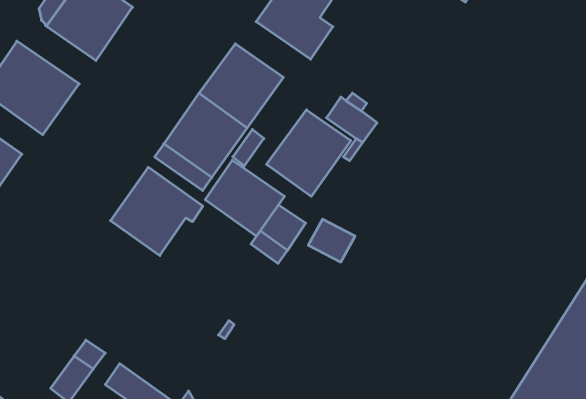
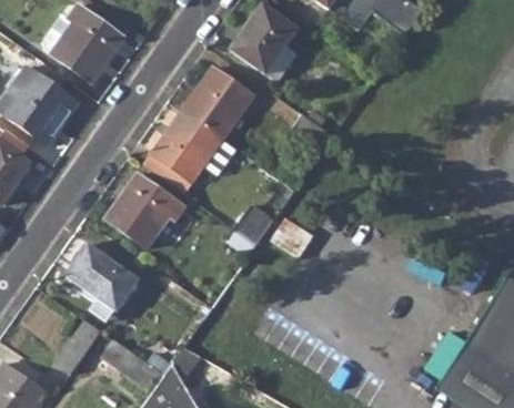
building: [267,110,351,196] -> none
building: [205,160,284,236] -> none
building: none -> [67,244,140,310]

